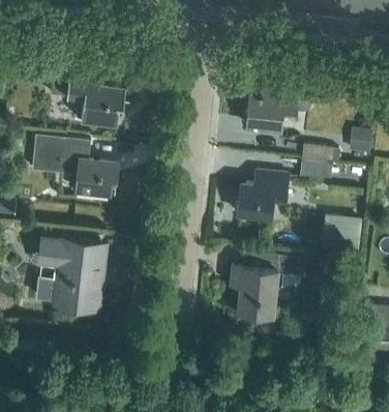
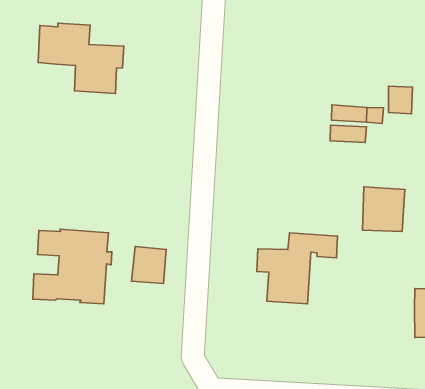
building: [246,84,311,131] -> none
building: [34,136,116,195] -> none
building: [237,172,288,218] -> none
building: none -> [131,247,166,284]

